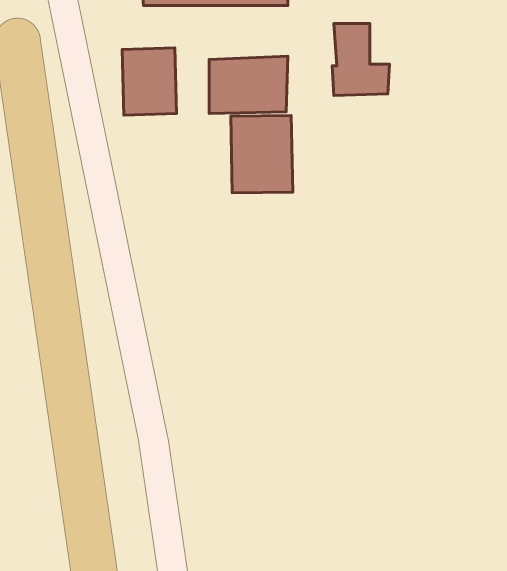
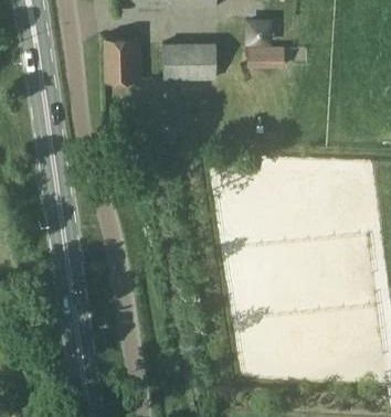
building: [231,115,293,193] -> none

